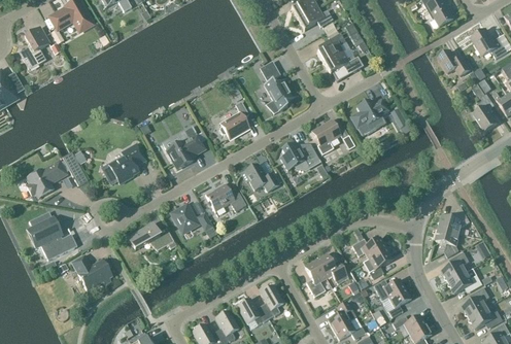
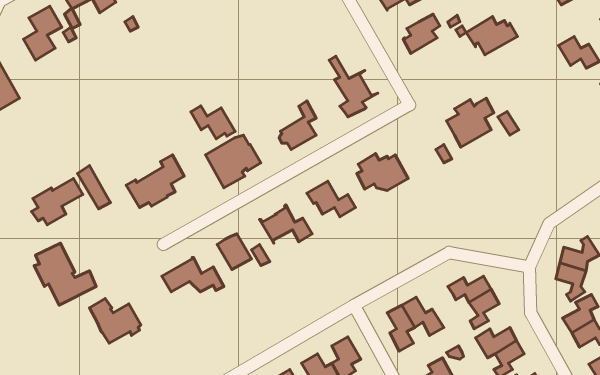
building: [322,50,363,80] -> [466,17,518,55]
building: none -> [191,106,235,139]
building: [312,121,339,154] -> none

